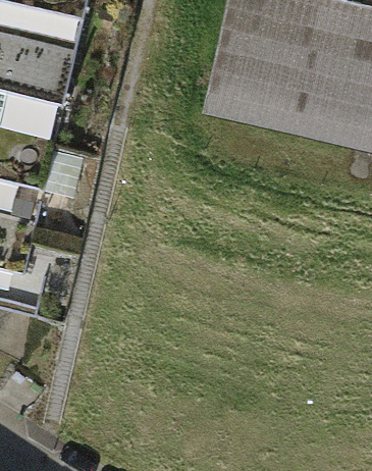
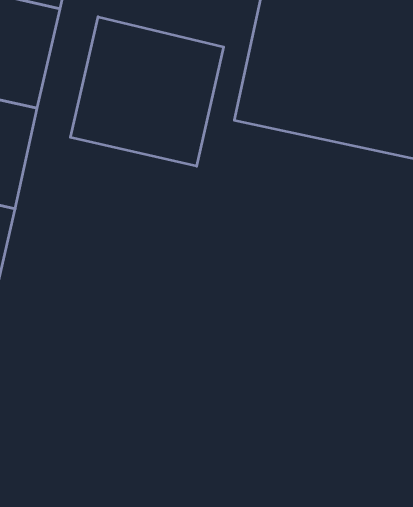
building: none -> [70,17,224,166]

